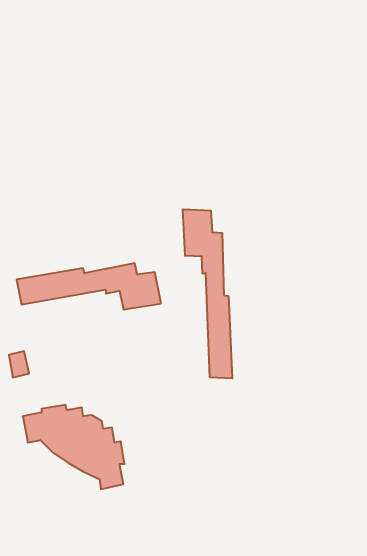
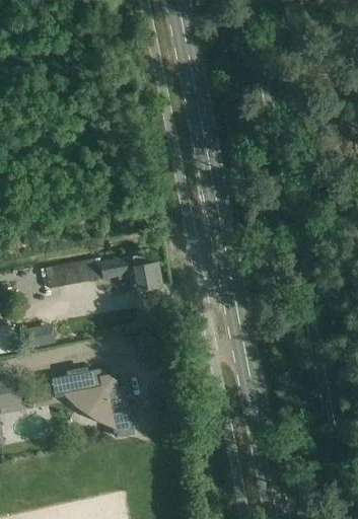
building: [183,209,232,378] -> none

